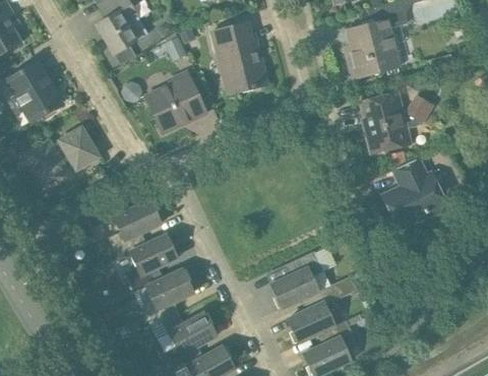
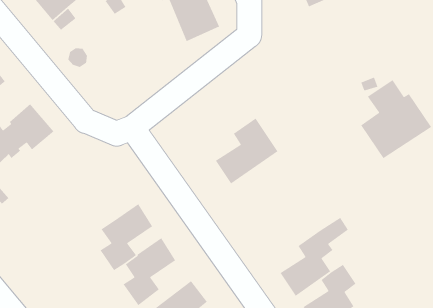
building: [145,71,206,133] -> none
building: [361,91,434,152] -> none
building: [109,199,161,257] -> none
building: [270,250,330,308] -> [215,118,279,185]

